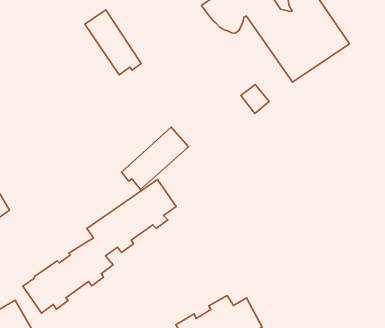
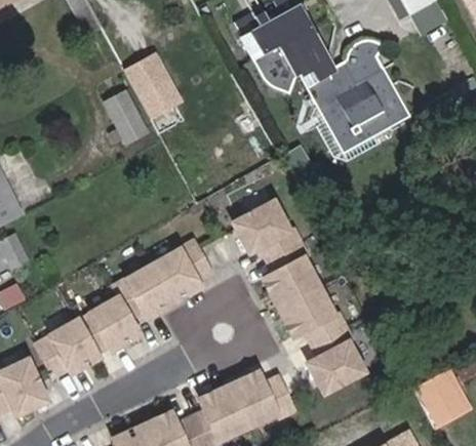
building: none -> [105,89,150,144]
building: [121,127,188,189] -> none
building: none -> [236,202,359,389]

